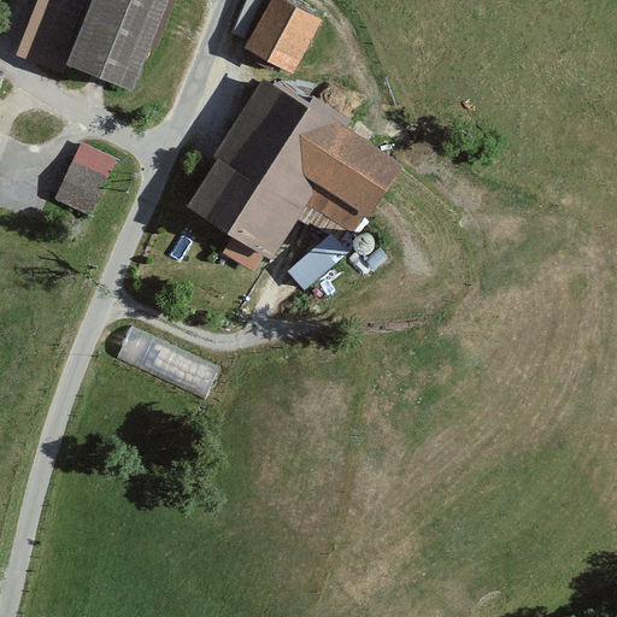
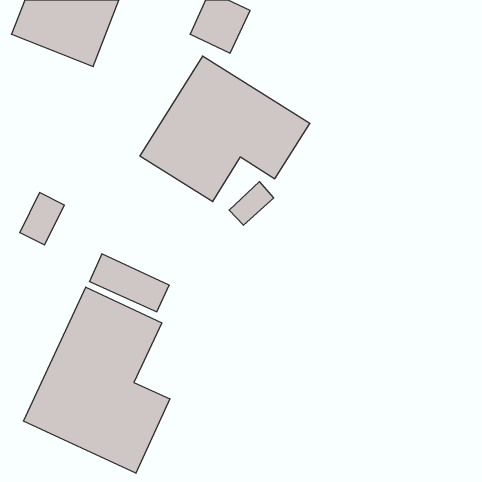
building: [60,143,117,210] -> [20,193,64,245]
building: none -> [24,287,170,473]

